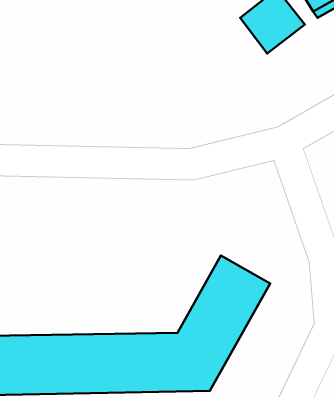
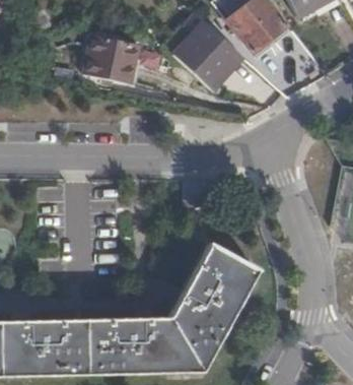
building: none -> [176,21,243,88]
building: none -> [83,34,141,84]

